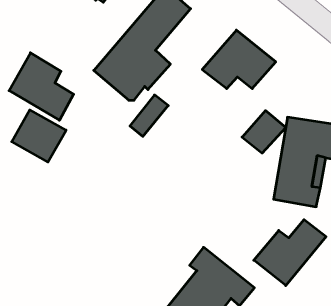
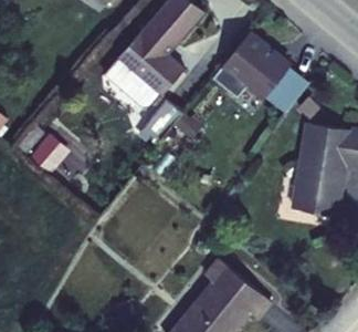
building: [9,53,74,120] -> none
building: [242,111,286,153] -> [268,68,314,112]
building: [254,220,326,286] -> none

